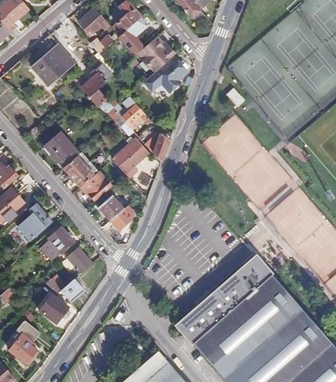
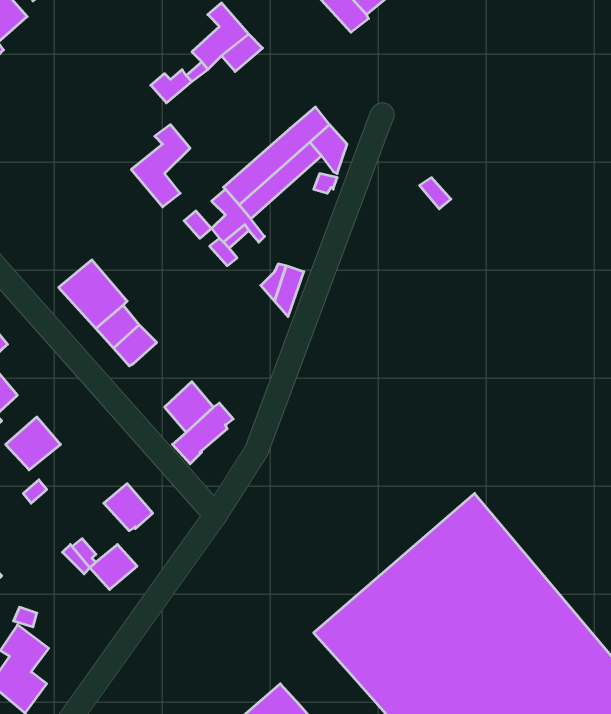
building: [78,8,110,36] -> none
building: [136,36,175,67] -> none
building: [32,44,75,86] -> none
building: [111,139,148,175] -> none
building: [82,176,112,202] -> none
building: [50,227,77,262] -> none
building: [38,295,67,323] -> none

